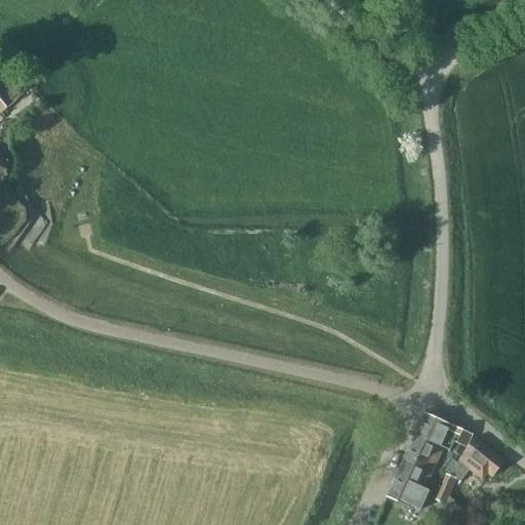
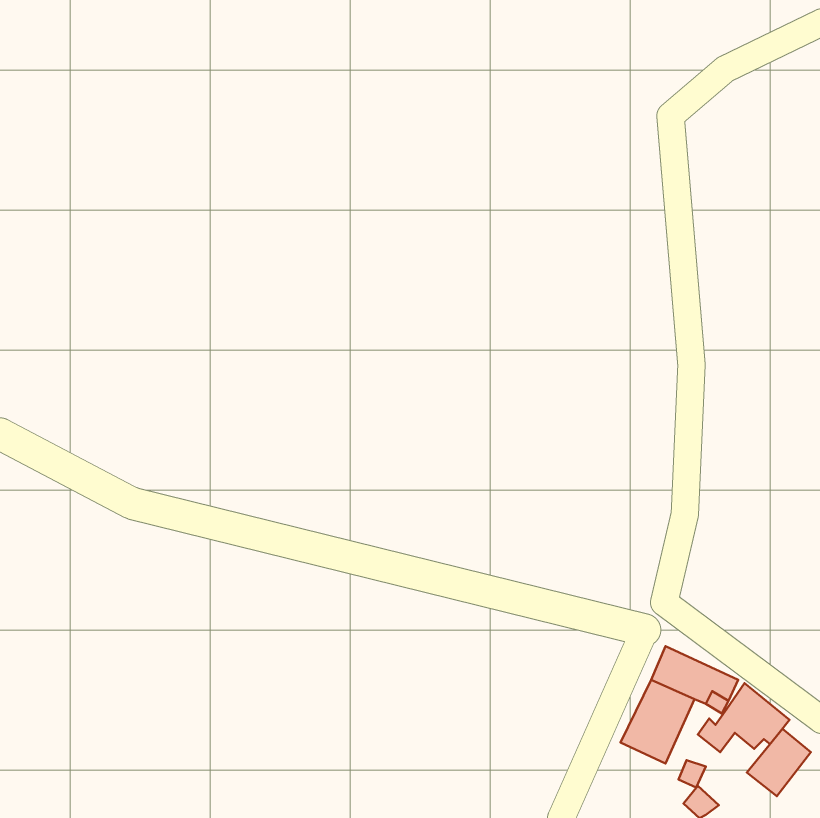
building: none -> [747,729,811,796]
building: [388,474,431,509] -> none

